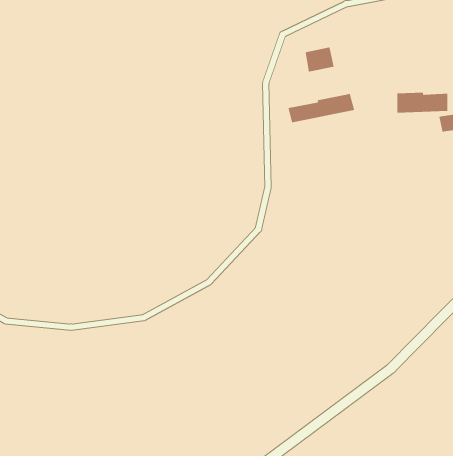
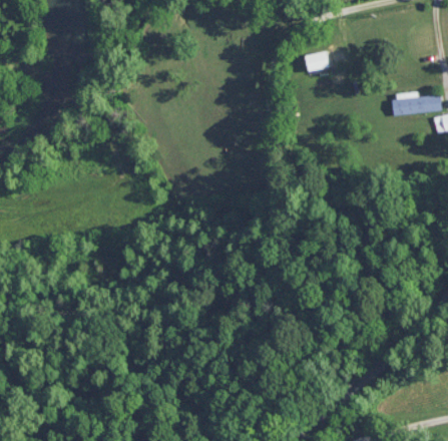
building: [288,93,355,123] -> none

